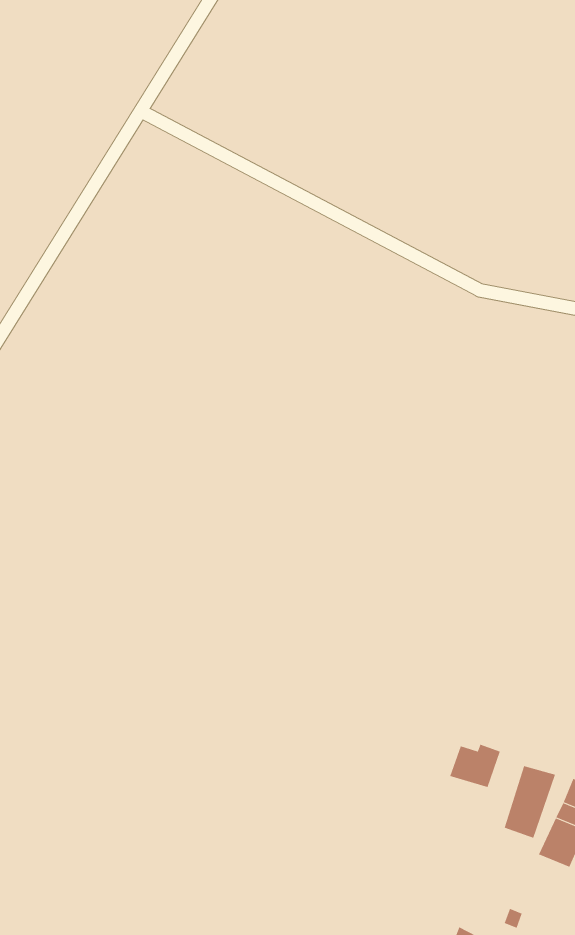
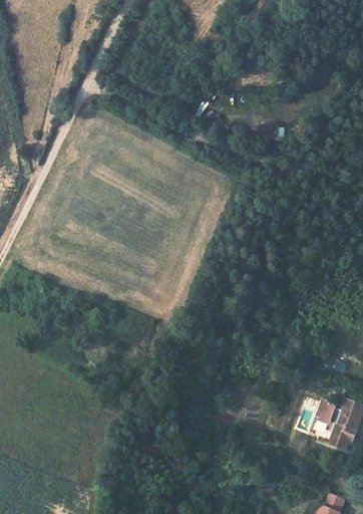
building: [450,744,500,788] -> none

